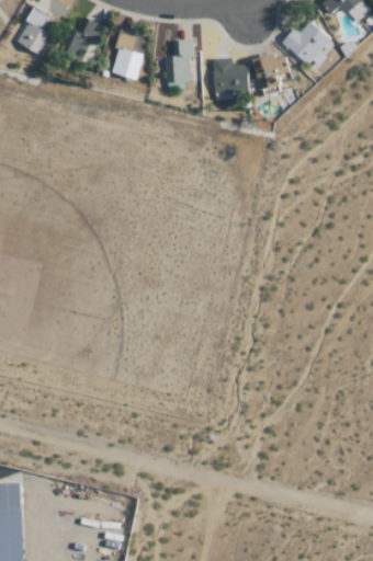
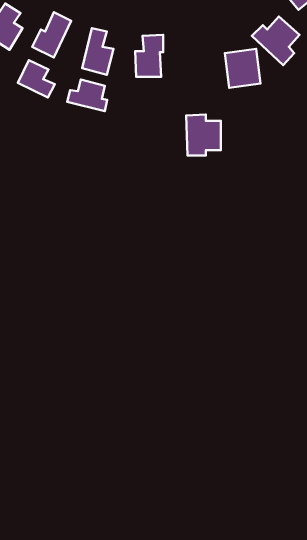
building: [214,58,249,100] -> [186,114,221,155]
building: none -> [18,60,55,98]
building: none -> [67,80,107,111]

